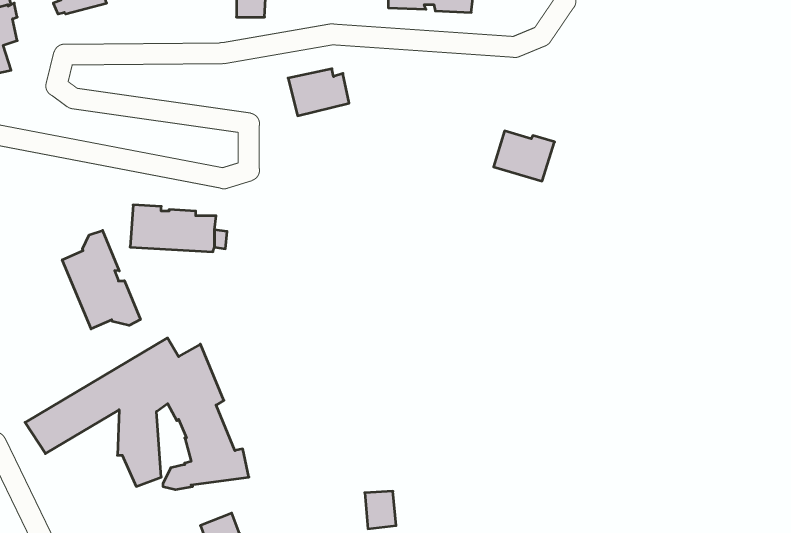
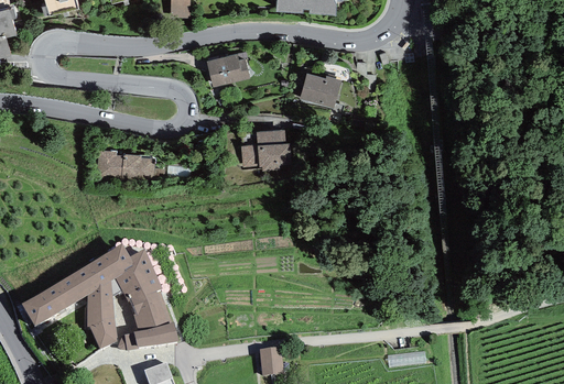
building: [494,131,555,181] -> [299,73,341,108]
building: none -> [240,129,291,169]
building: [62,230,140,329] -> none

